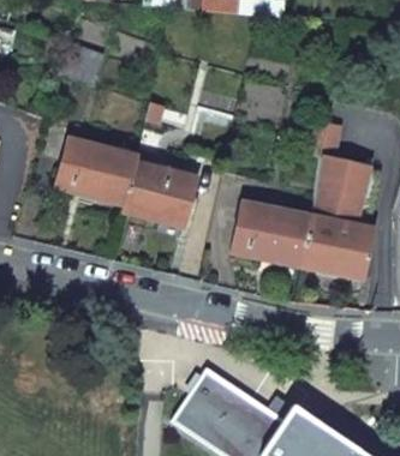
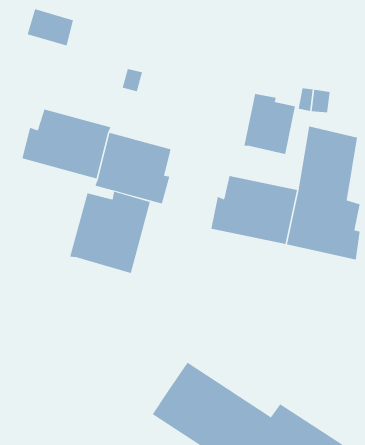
building: none -> [244,93,295,155]
building: none -> [69,191,150,274]

